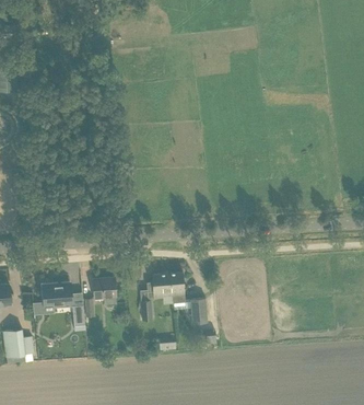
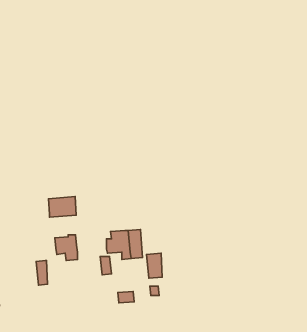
building: [42,282,71,304] -> [48,197,76,217]

